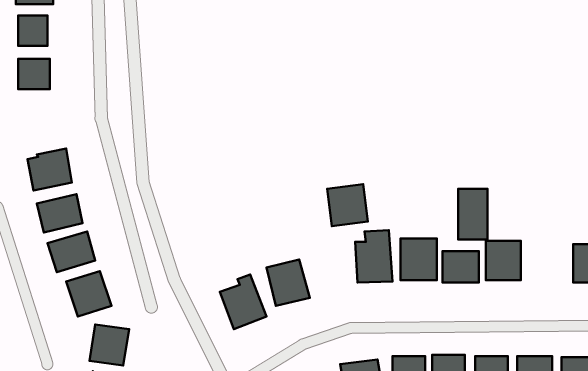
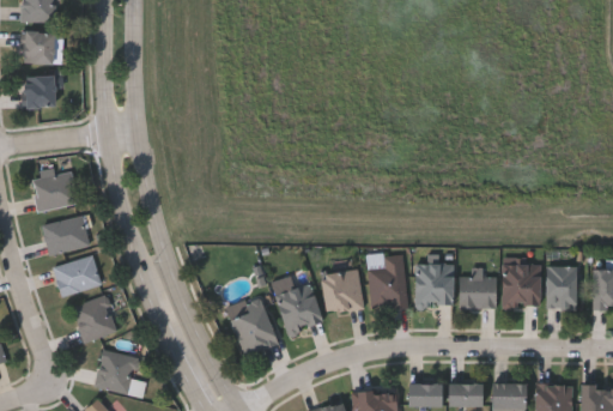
building: [327,184,368,226] -> [321,270,363,313]
building: [458,189,488,239] -> none
building: none -> [546,266,576,308]

